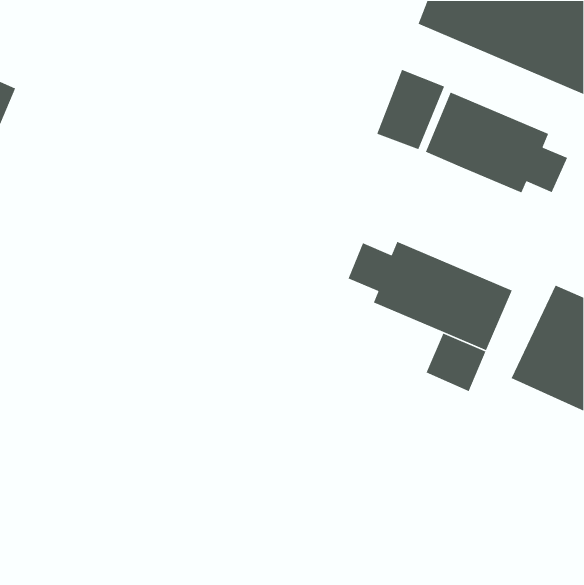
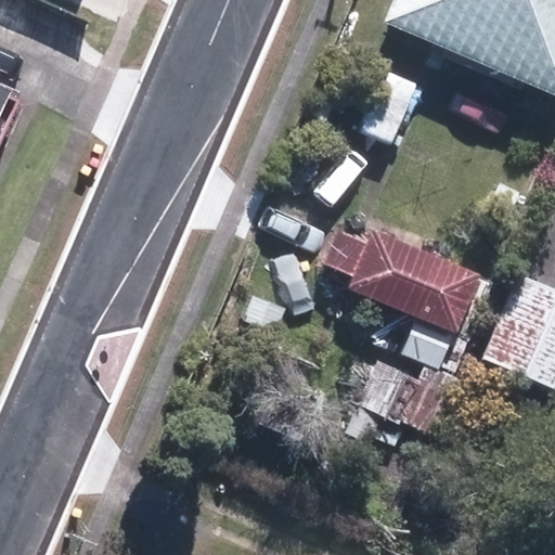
building: [425,91,568,193] -> none

